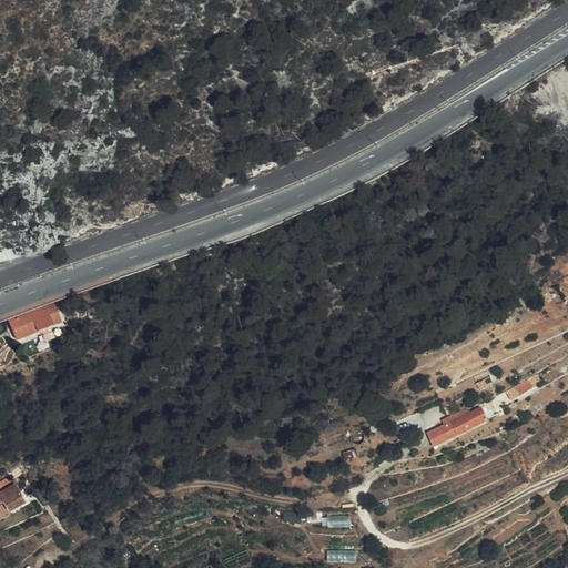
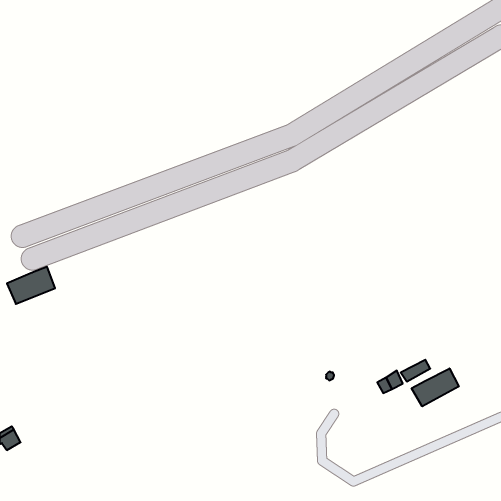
building: none -> [412,368,459,406]

